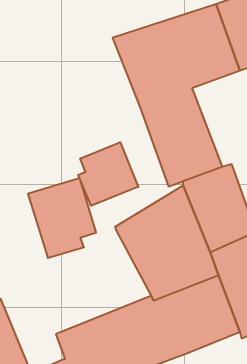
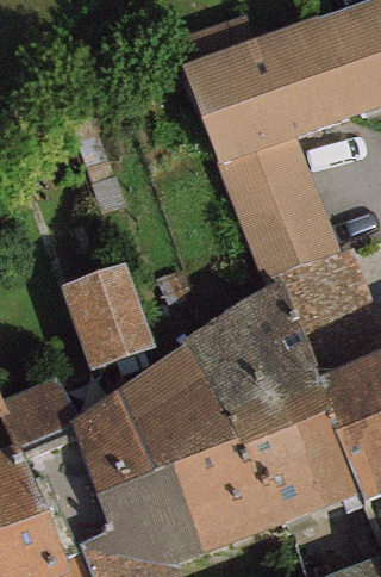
building: [78,142,138,206] -> none
building: none -> [70,345,233,496]

